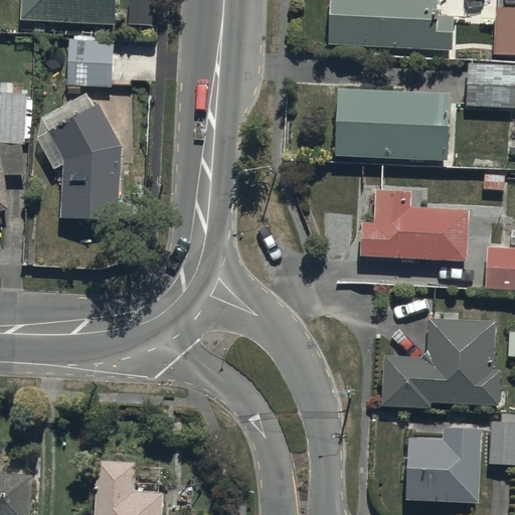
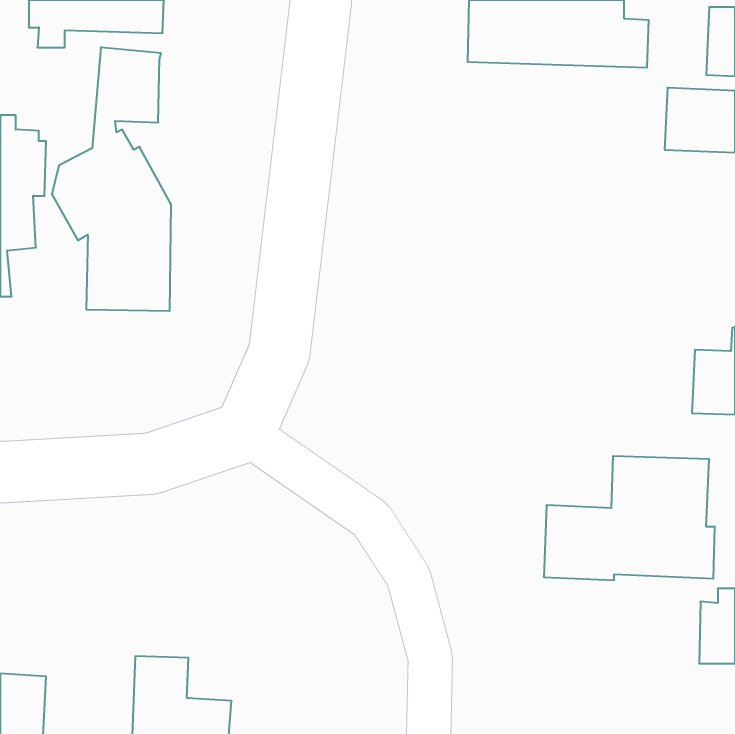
building: [335,88,449,158] -> none
building: [361,187,469,260] -> none
building: [405,426,481,501] -> none

